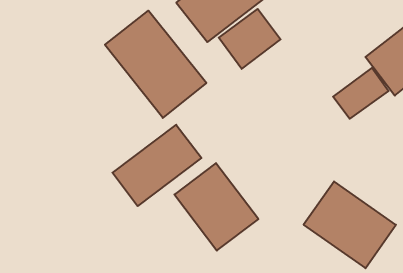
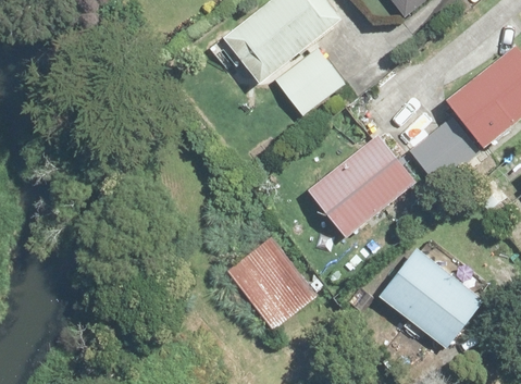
building: [105,11,206,118] -> none
building: none -> [307,134,412,231]
building: [112,125,201,206] -> none

